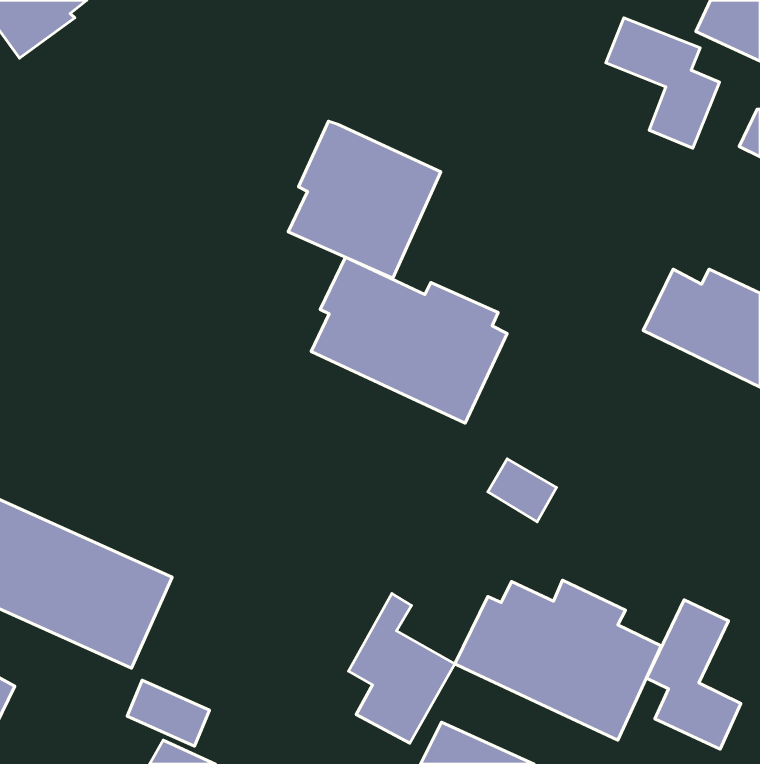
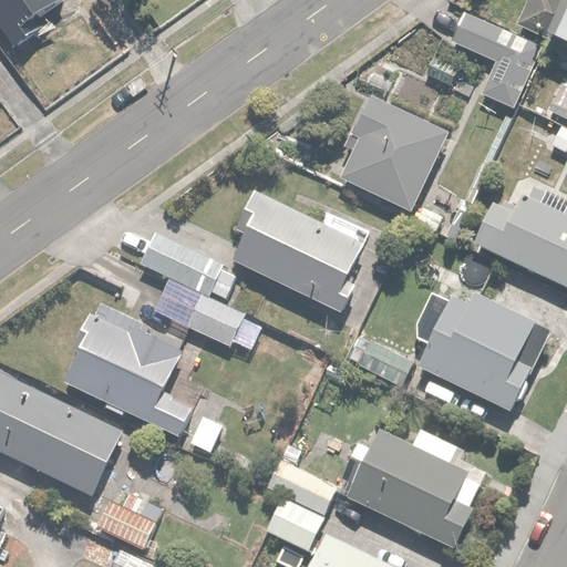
building: [288,121,441,278] -> [338,94,451,210]
building: none -> [138,230,243,346]
building: none -> [419,291,548,411]
building: none -> [61,299,218,453]
building: [646,600,741,749] -> none

